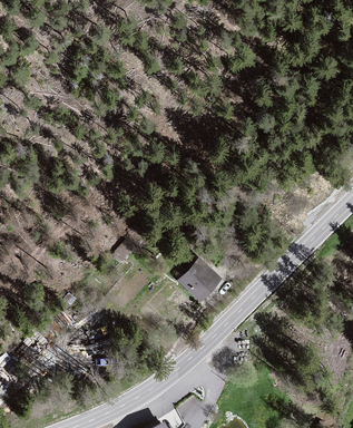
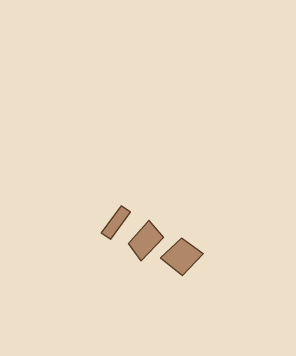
building: none -> [129,220,163,261]

